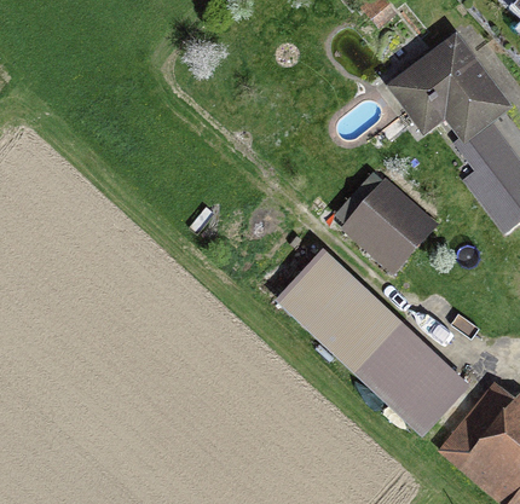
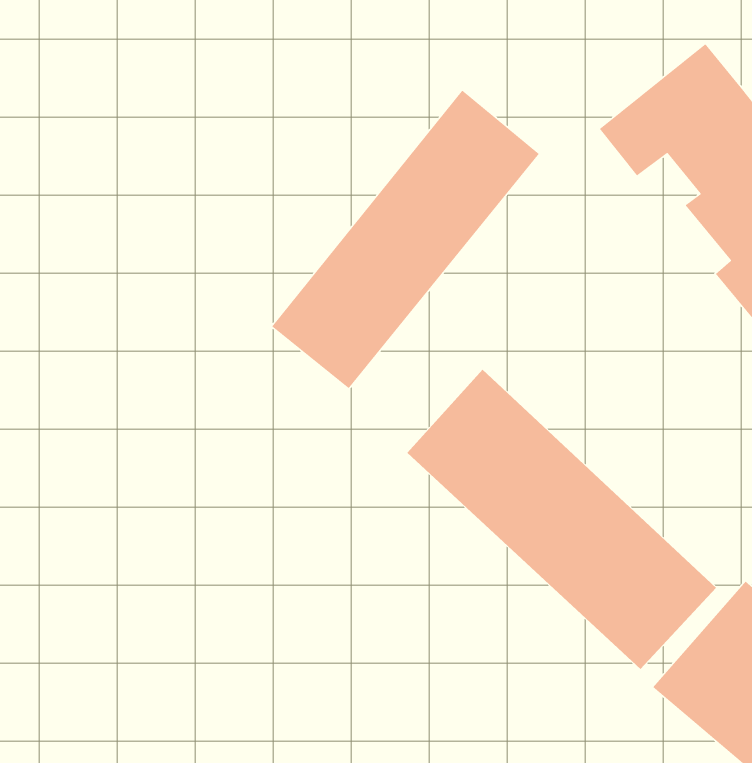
building: none -> [271,89,540,389]
building: [348,190,433,273] -> none

